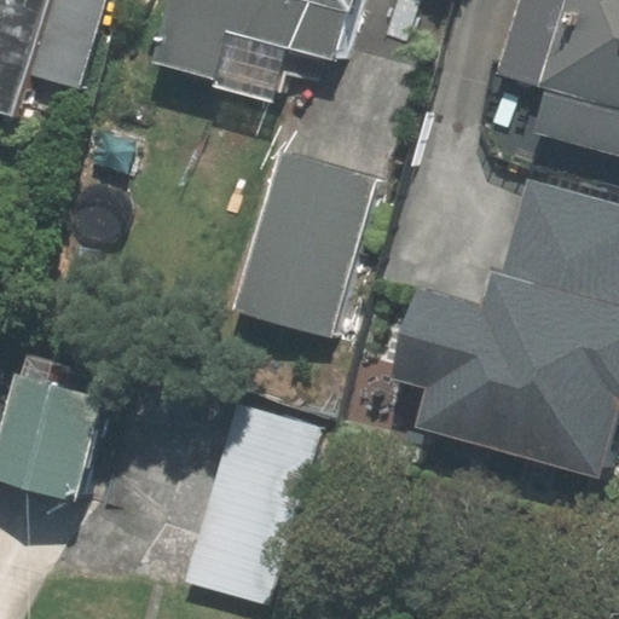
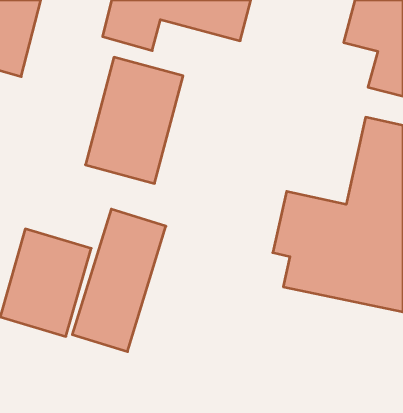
building: [236,152,381,340] -> [85,57,183,183]
building: [191,398,330,609] -> [72,209,166,352]

